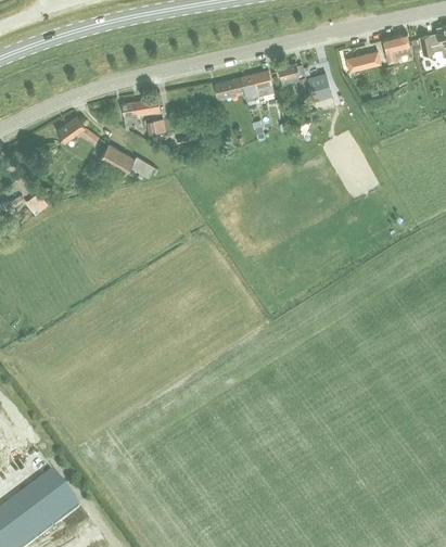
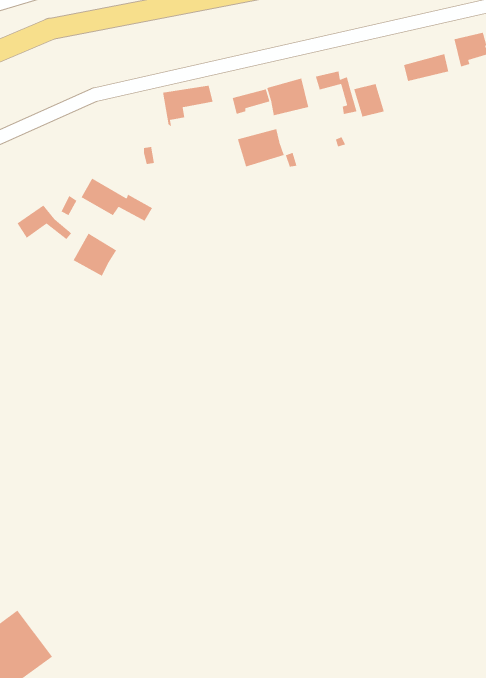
building: [120,98,160,130] -> [162,85,214,128]
building: none -> [237,128,285,168]
building: [55,116,98,143] -> [16,204,72,240]
building: none -> [73,232,117,277]

